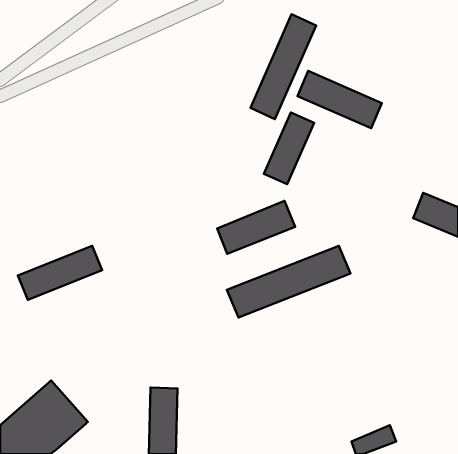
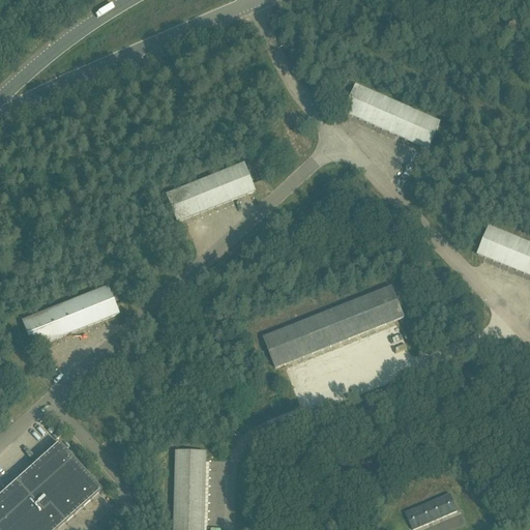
building: [250,14,316,119] -> none
building: [264,112,314,184] -> none
building: [217,201,295,254] -> [165,159,255,220]

